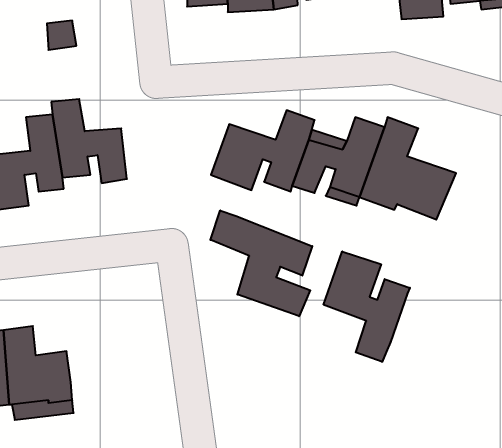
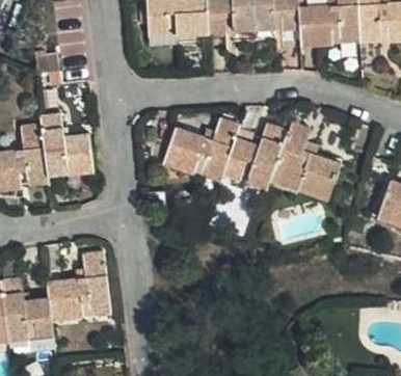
building: [210,210,312,316] -> none
building: [324,251,410,362] -> none
building: none -> [52,250,114,319]

